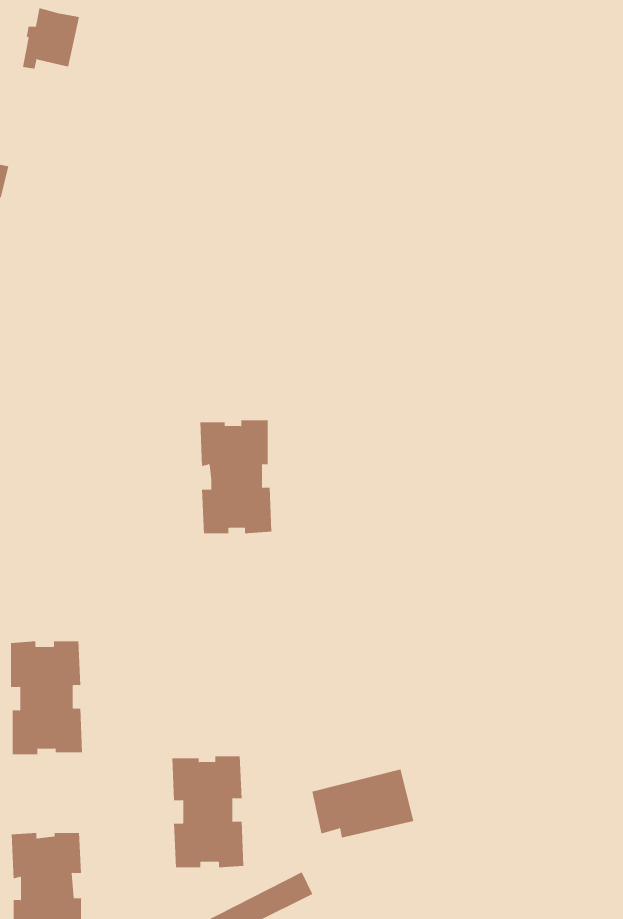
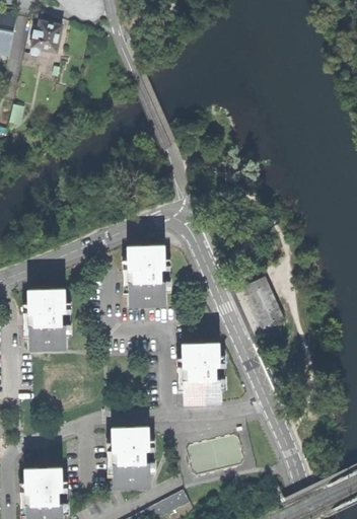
building: none -> [242,277,282,327]
building: none -> [182,343,221,404]
building: [10,641,83,755] -> [27,290,67,352]

